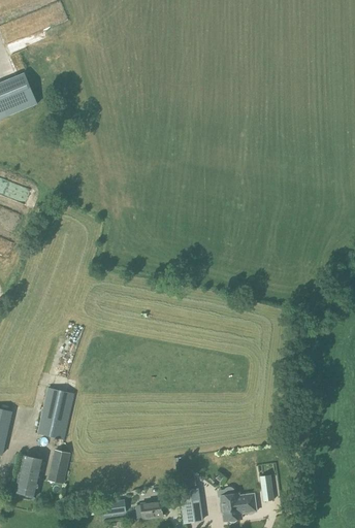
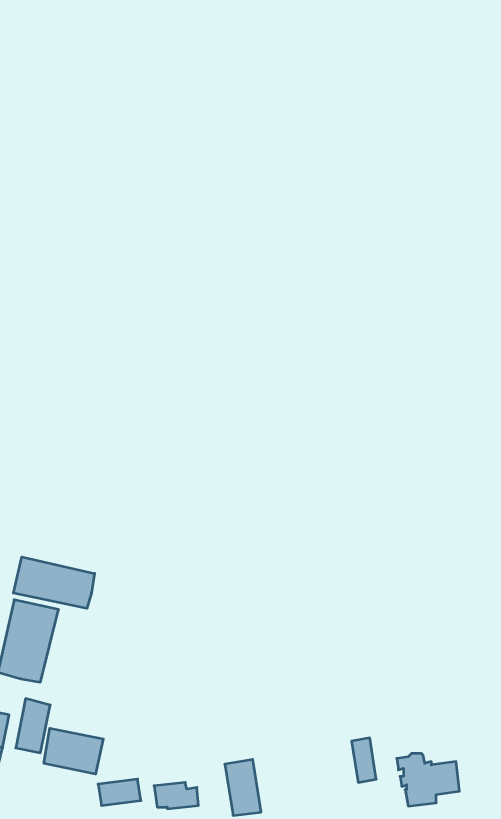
building: none -> [13,557,95,608]
building: none -> [44,728,103,774]
building: [218,487,257,520] -> [397,753,459,806]

